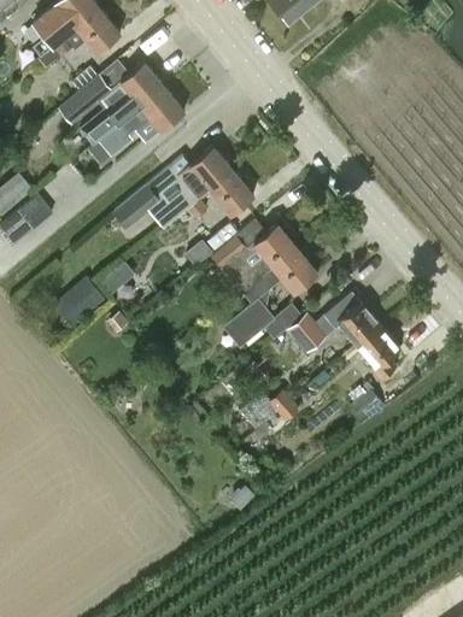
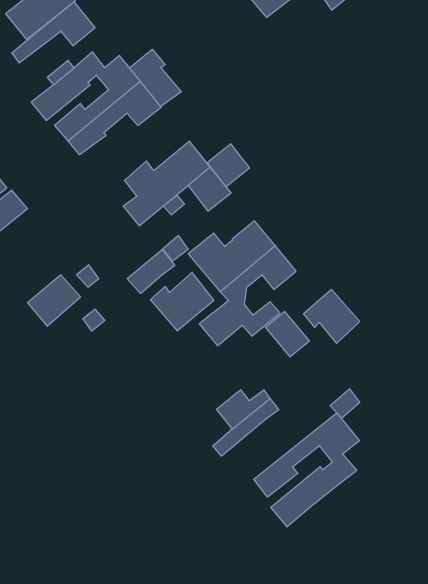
building: none -> [130,49,181,107]
building: none -> [207,144,250,187]
building: [113,184,160,228] -> [127,249,175,293]
building: none -> [151,272,214,331]
building: [357,323,400,381] -> none
building: none -> [254,413,359,527]

